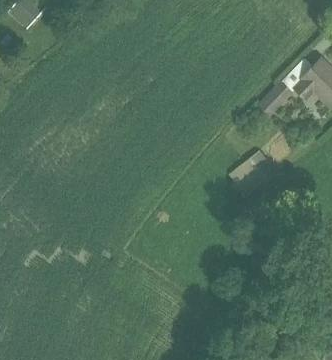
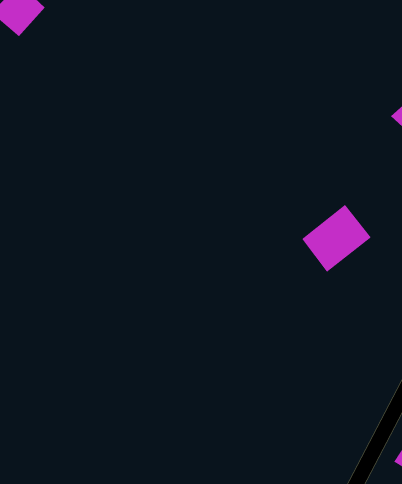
building: [255,81,291,117] -> none

